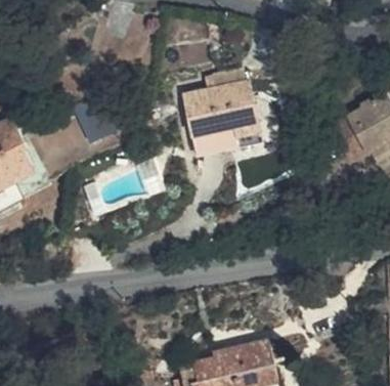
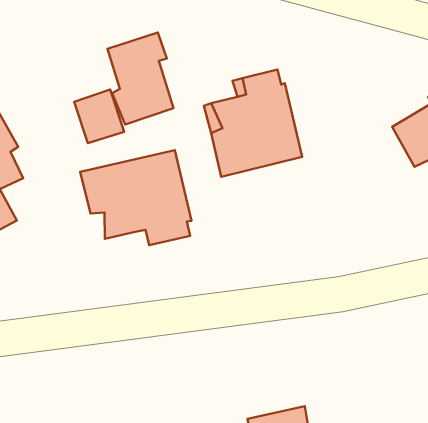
building: none -> [107,33,174,124]
building: none -> [80,150,191,245]

